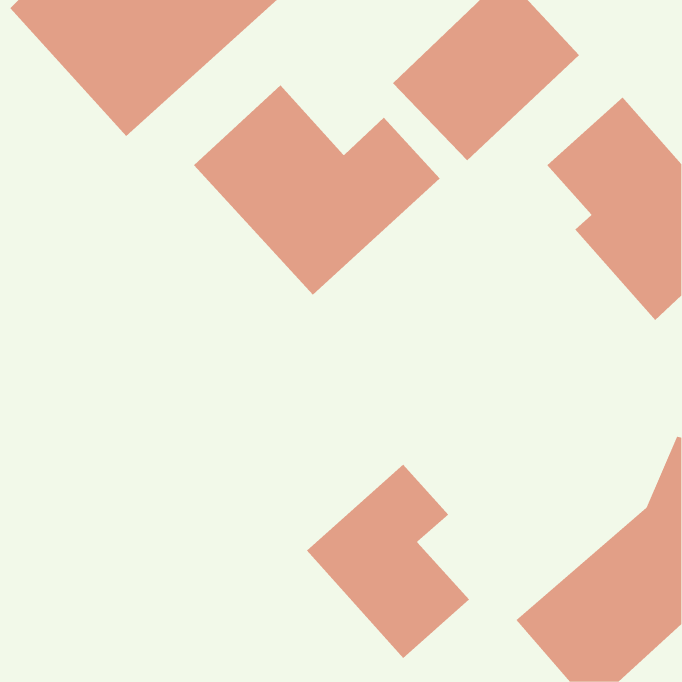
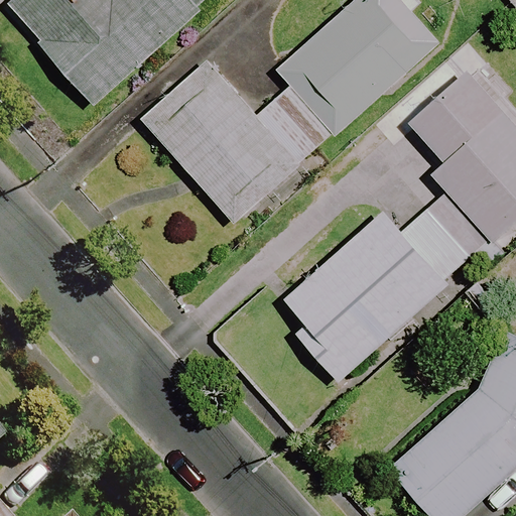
building: none -> [284,210,473,381]
building: [306,464,470,659] -> none

